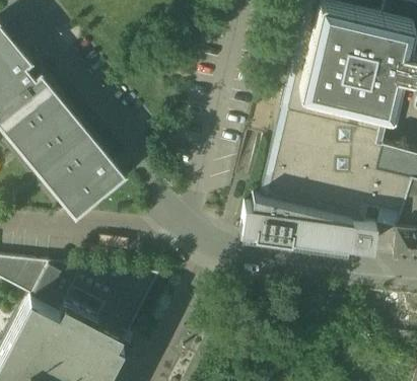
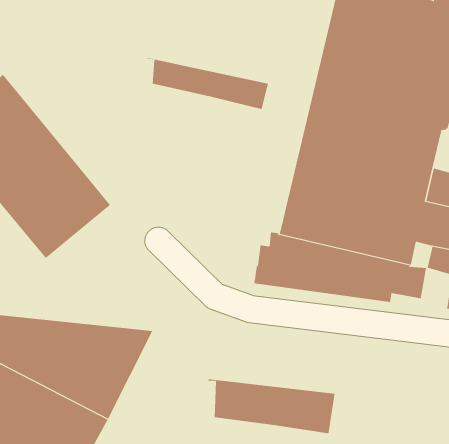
building: none -> [146,57,268,110]
building: none -> [207,379,335,434]

